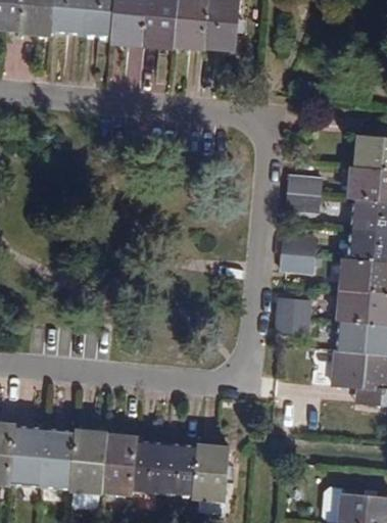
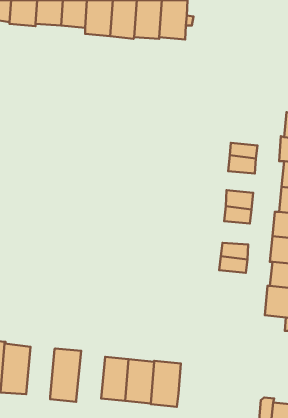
building: [37,426,71,487] -> none
building: [98,431,134,493] -> none

